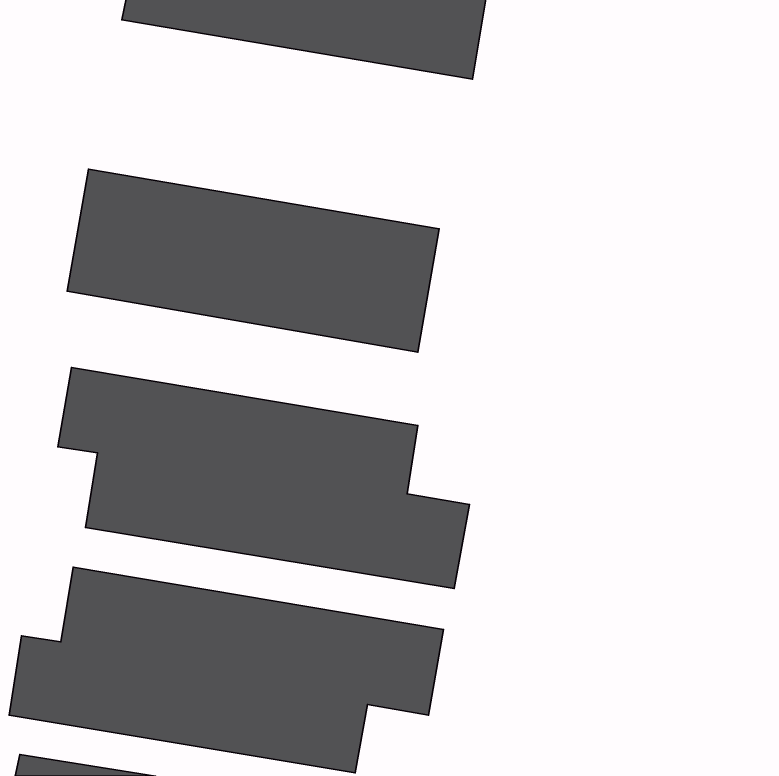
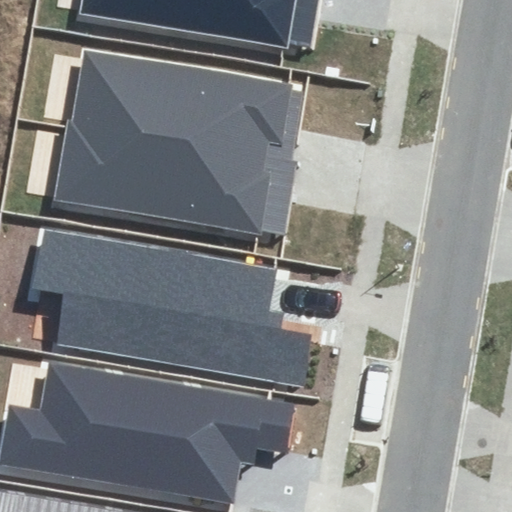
building: none -> [58,35,301,150]

